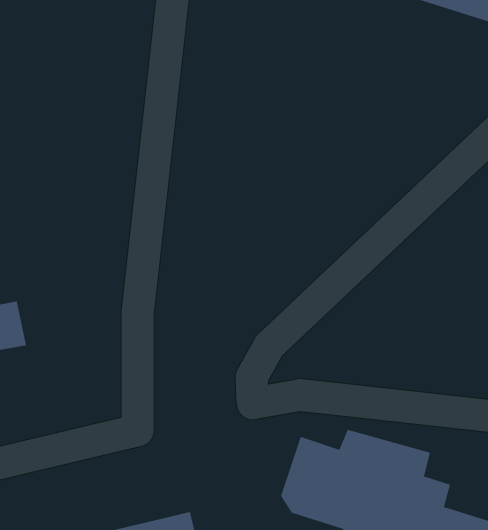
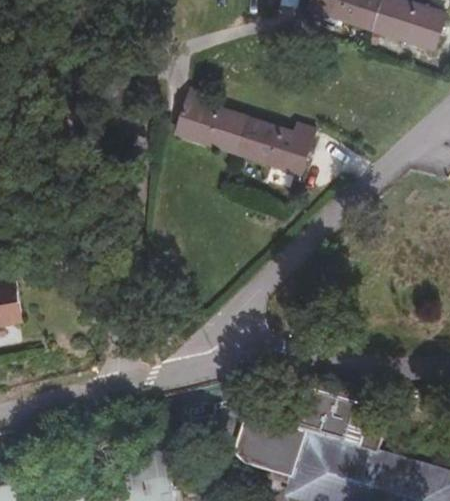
building: none -> [176,101,314,175]

